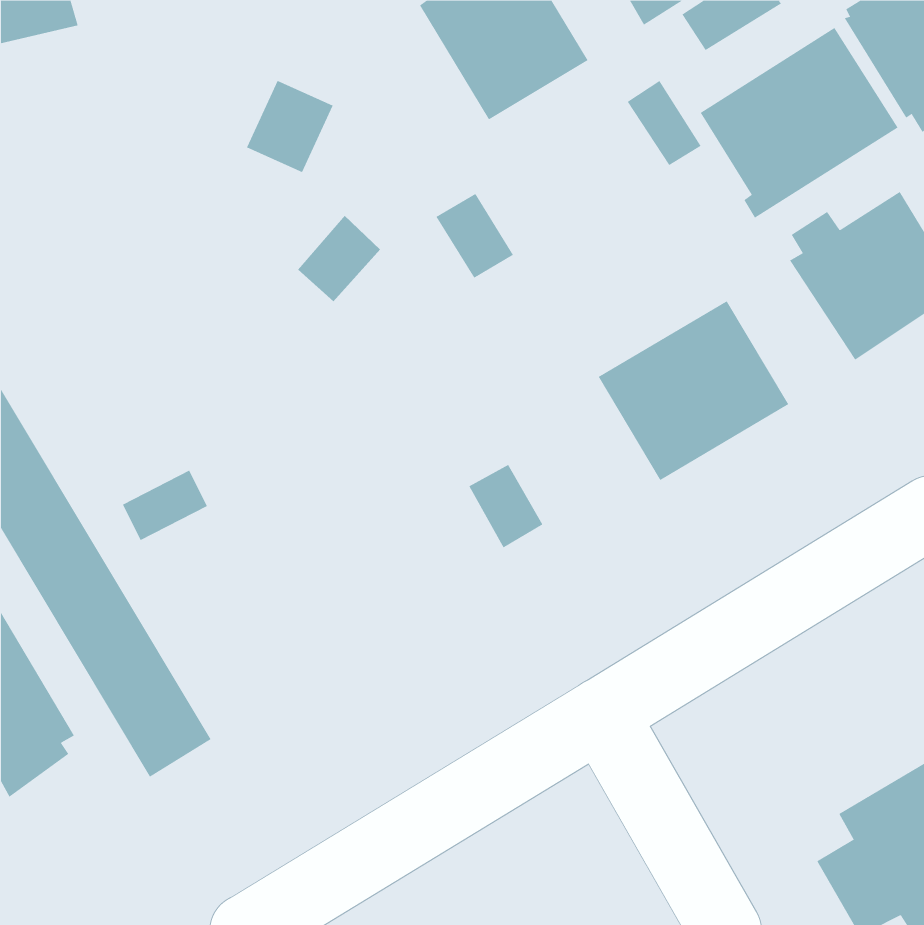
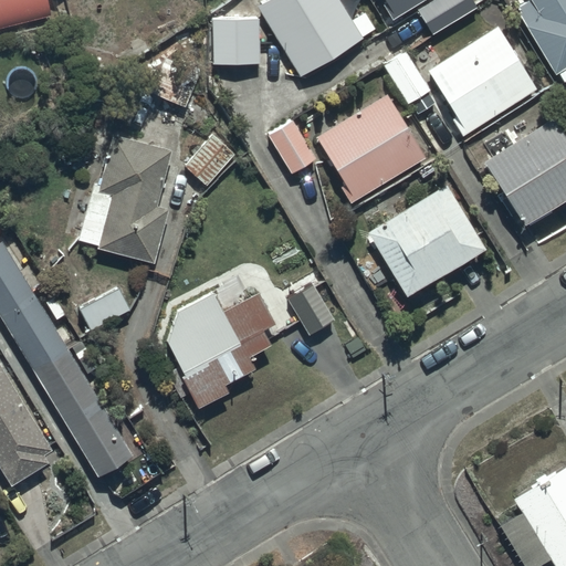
building: none -> [214,20,259,64]
building: none -> [317,96,423,201]
building: none -> [76,135,171,263]
building: none -> [166,293,274,408]

